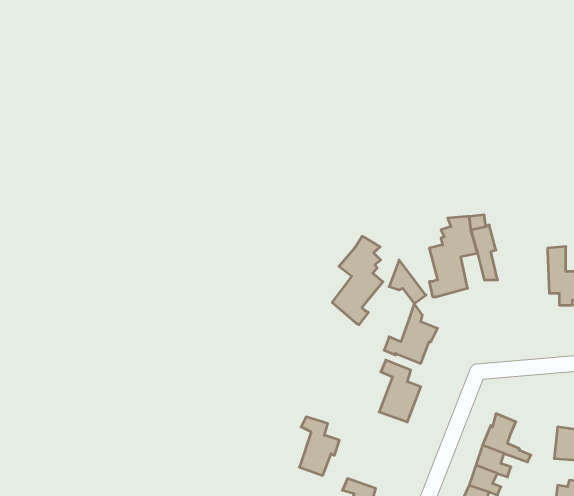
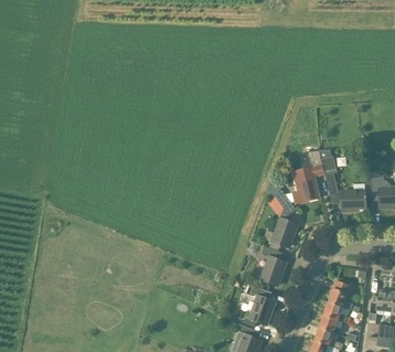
building: [332,236,383,325] -> none
building: none -> [340,190,365,212]
building: [299,417,339,475] -> [248,286,275,324]

